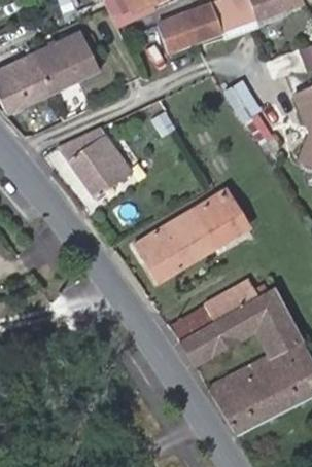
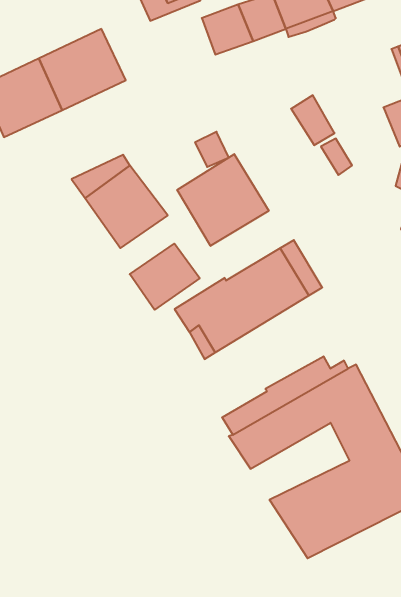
building: none -> [177,154,269,246]
building: none -> [130,244,200,310]

